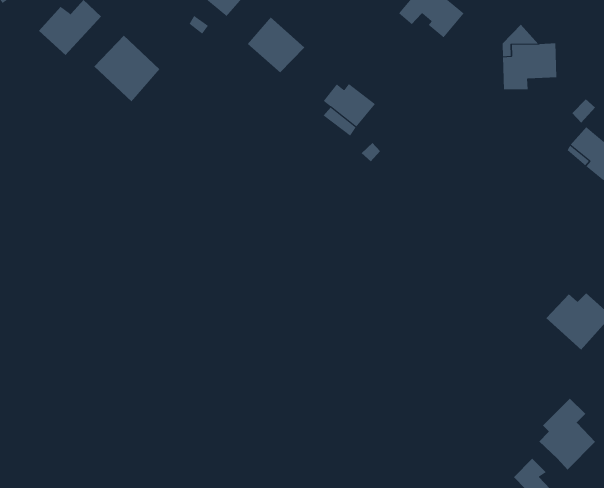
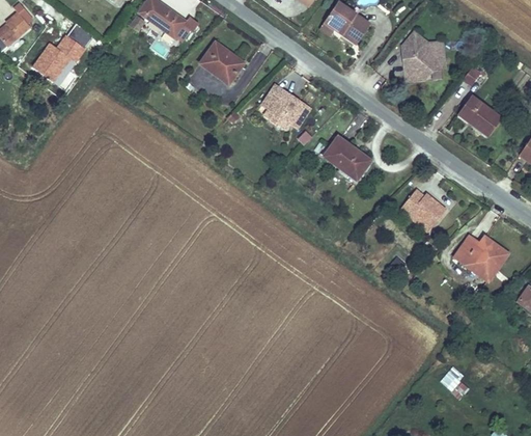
building: [93,35,160,102] -> none
building: none -> [324,136,370,179]
building: none -> [398,187,446,226]
building: [538,398,596,470] -> none

